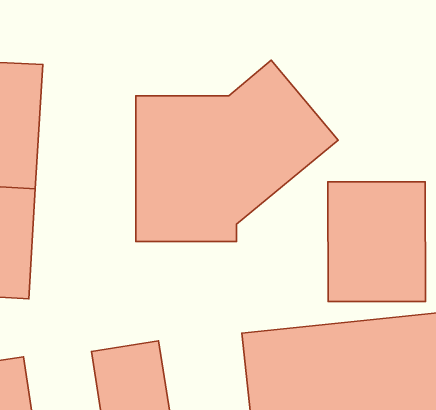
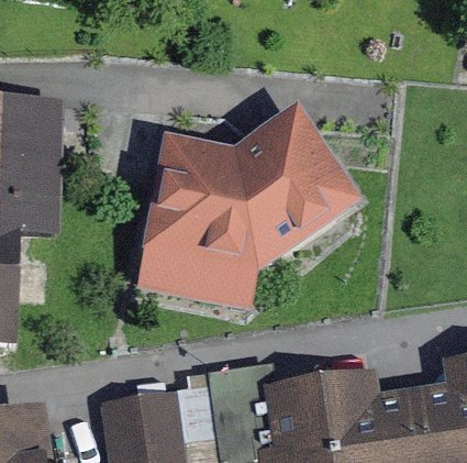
building: [328,182,425,301] -> none

